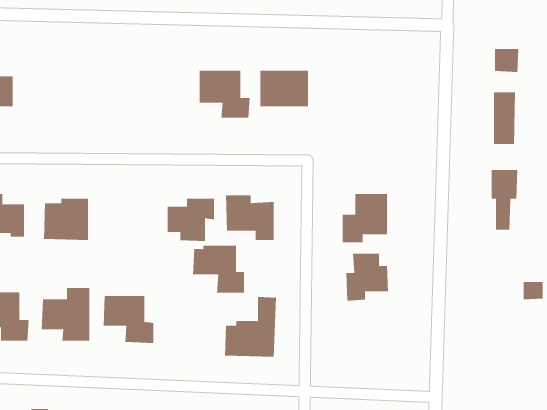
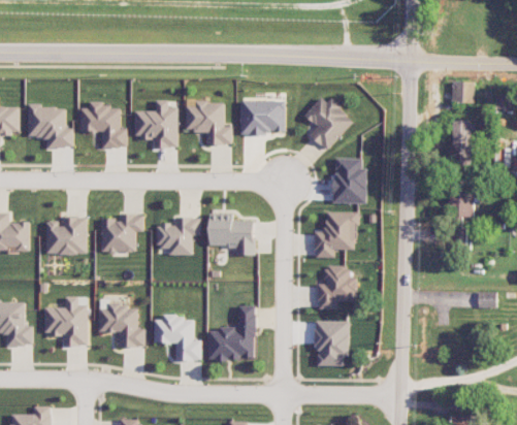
building: none -> [303,94,353,151]
building: none -> [133,100,176,148]
building: none -> [78,101,126,148]
building: none -> [27,104,72,148]
building: none -> [332,158,365,203]
building: none -> [100,214,142,253]
building: [192,245,245,293] -> [153,317,200,360]
building: none -> [313,321,349,366]

